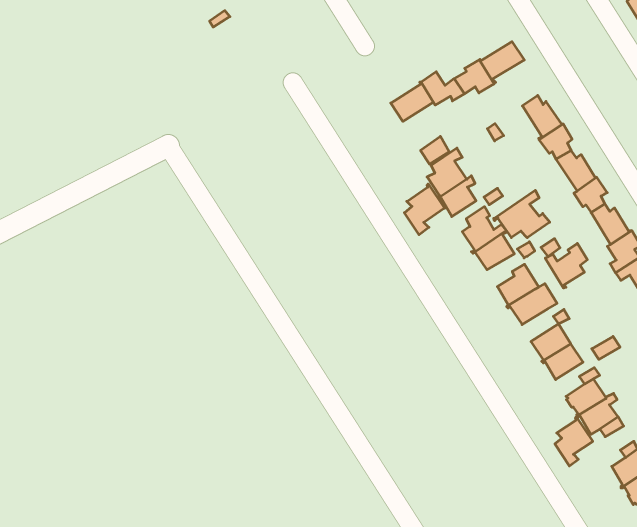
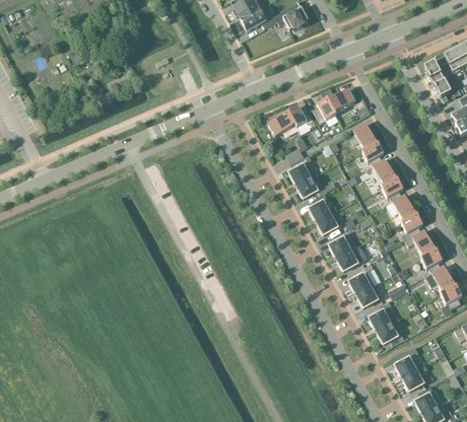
building: [404,184,445,235] -> none
building: [494,190,550,238] -> none
building: [545,243,587,288] -> none
building: [555,417,593,466] -> none

